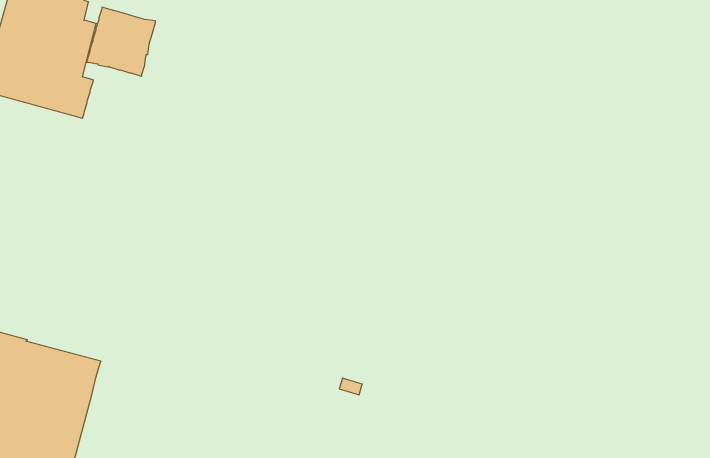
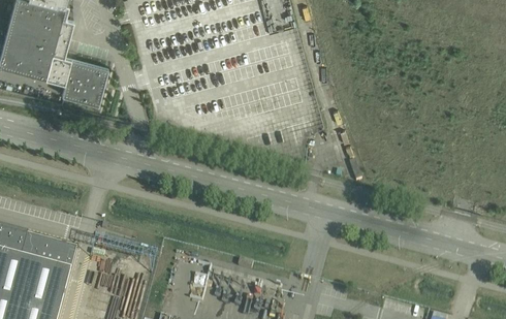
building: [87,7,155,76] -> [60,57,106,103]

